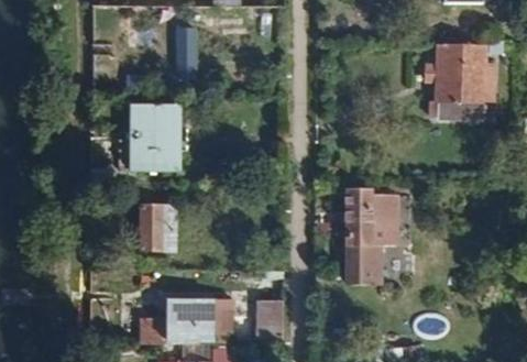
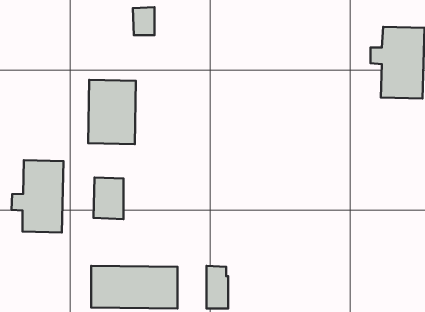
building: none -> [12,160,64,232]
building: [333,188,398,282] -> none

